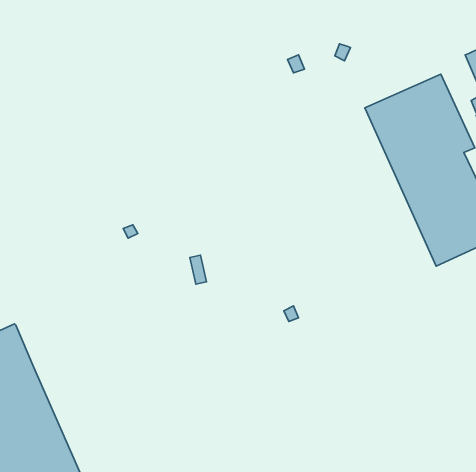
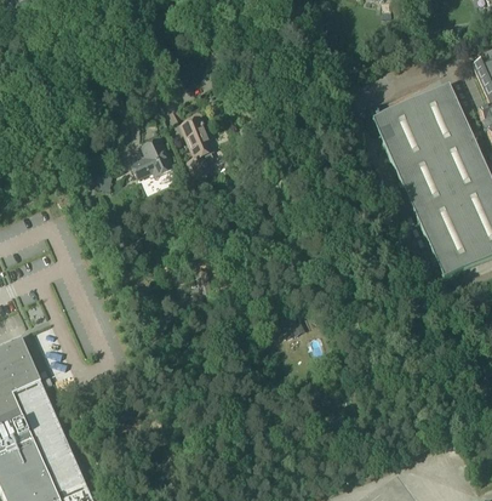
building: none -> [181,119,214,177]
building: none -> [131,138,172,177]

